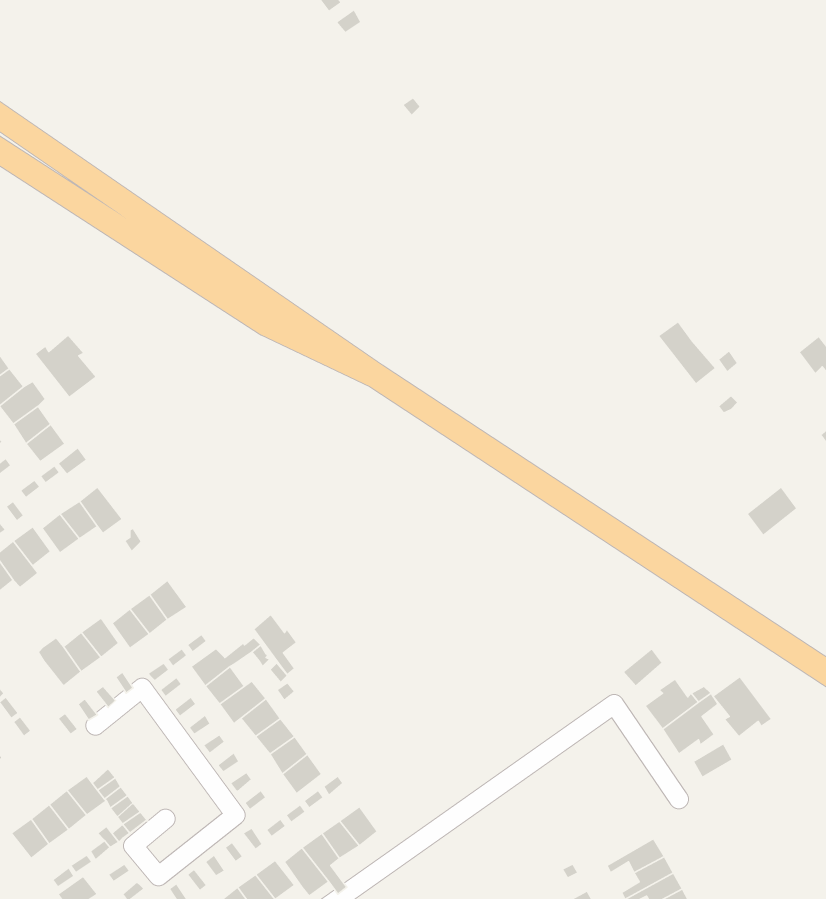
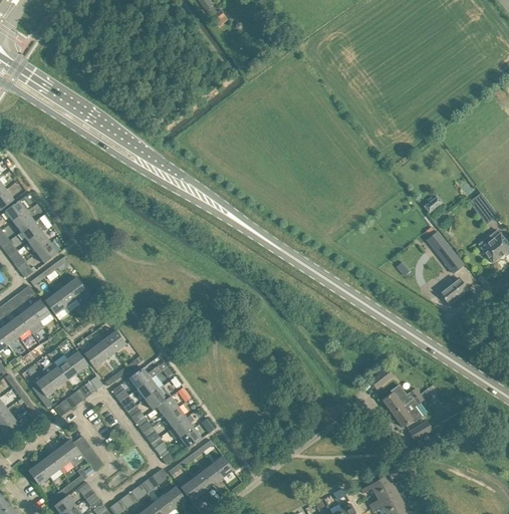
building: [658,321,716,384] -> [432,238,464,273]
building: [35,335,96,397] -> none
building: [254,614,297,675] -> none
building: none -> [33,374,57,407]
building: [713,676,772,737] -> none

